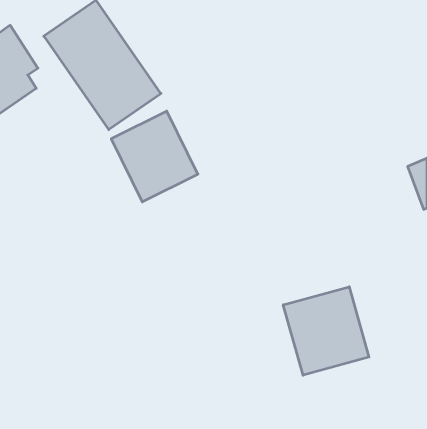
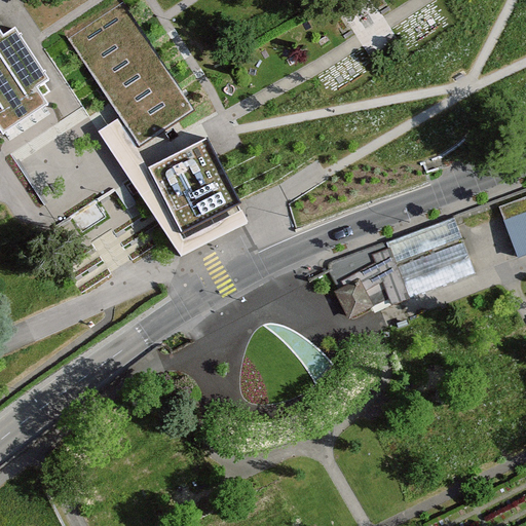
building: none -> [328,219,476,313]
building: [283,287,369,375] -> none

